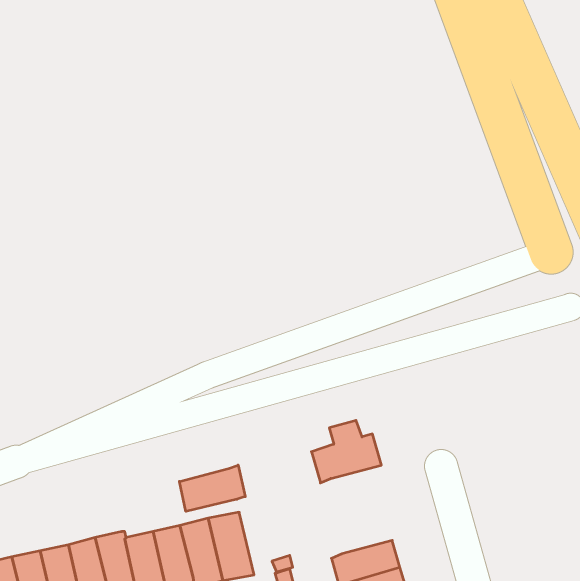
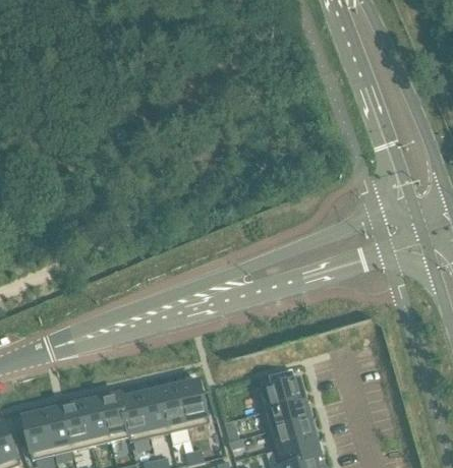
building: [311,420,381,483] -> [258,368,305,411]
building: [179,465,245,511] -> none

